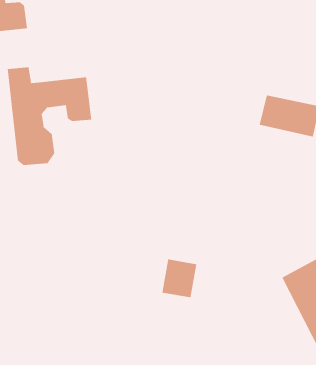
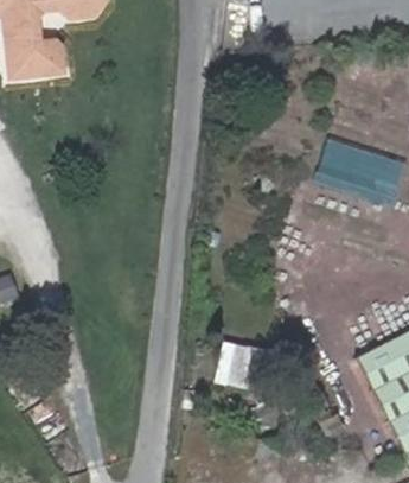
building: [7,66,92,166] -> none

